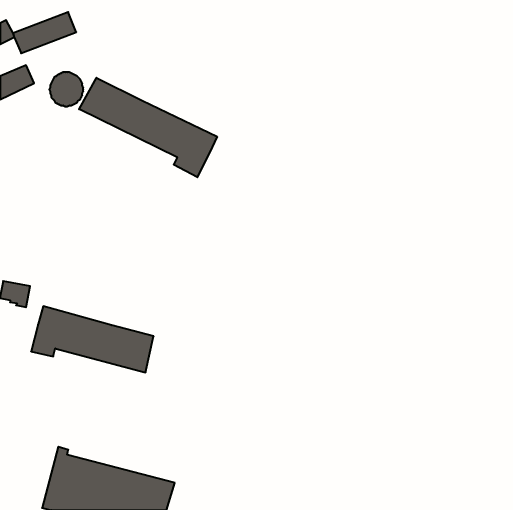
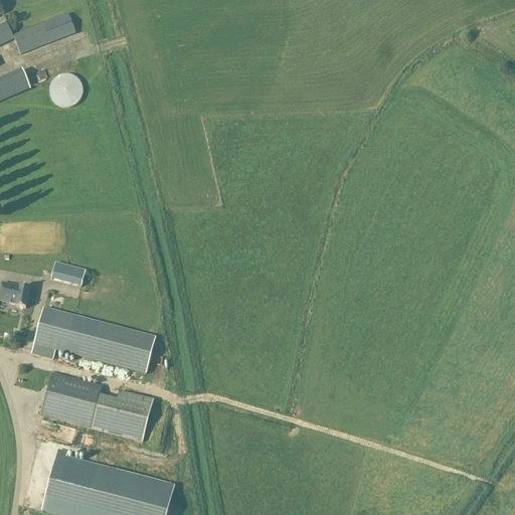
building: [79,78,217,177] -> none
building: none -> [52,261,88,285]
building: none -> [41,373,153,441]

